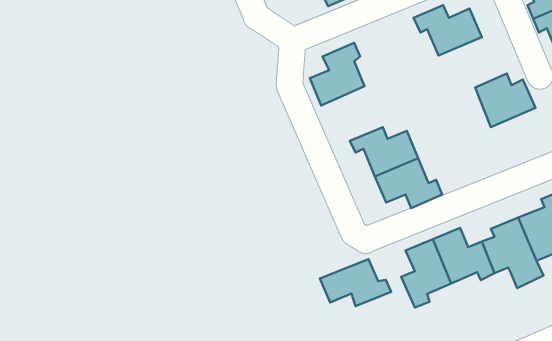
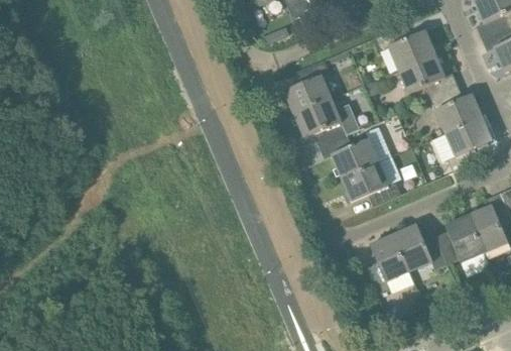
building: none -> [398,54,459,99]
building: none -> [294,98,360,146]
building: none -> [444,117,493,171]
building: [320,259,391,306] -> none

